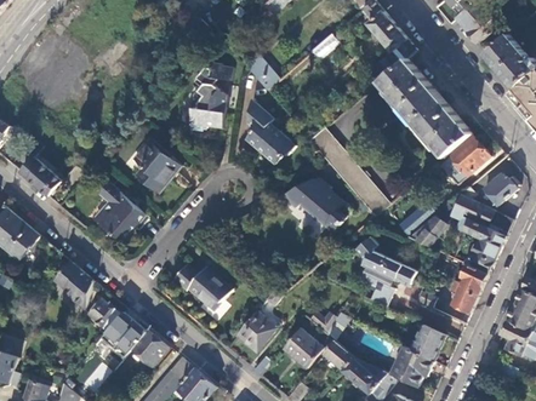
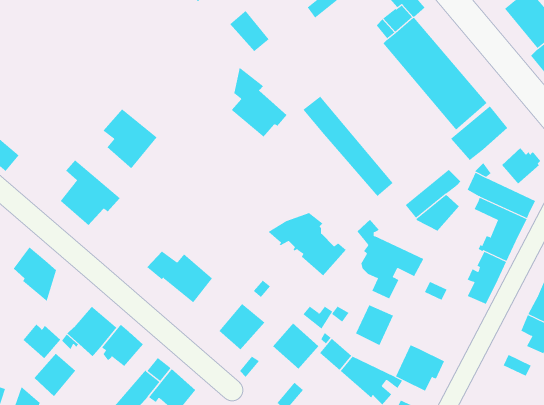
building: [188,62,238,130] -> none
building: [283,177,352,233] -> [268,213,347,276]
building: [87,298,121,330] -> [22,323,61,359]
building: [411,323,445,360] -> [355,304,394,346]

